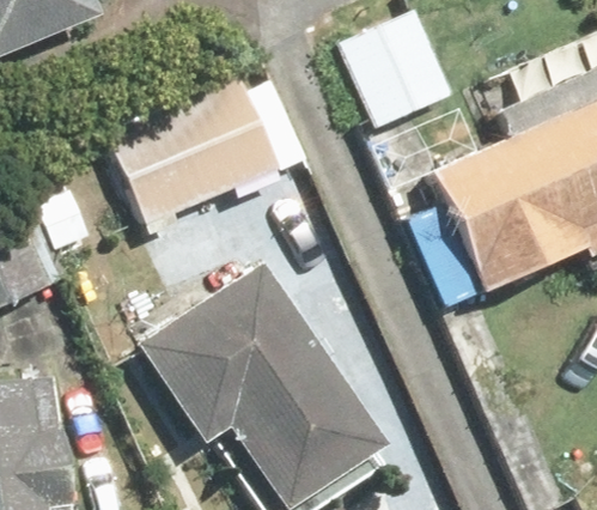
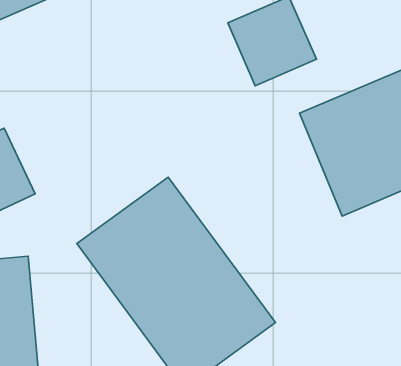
building: [102,62,286,231] -> none

